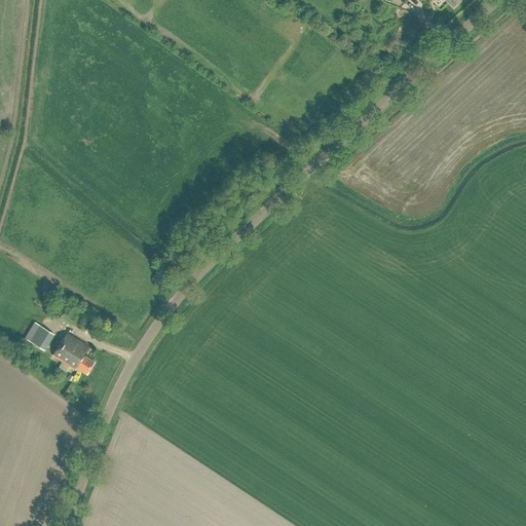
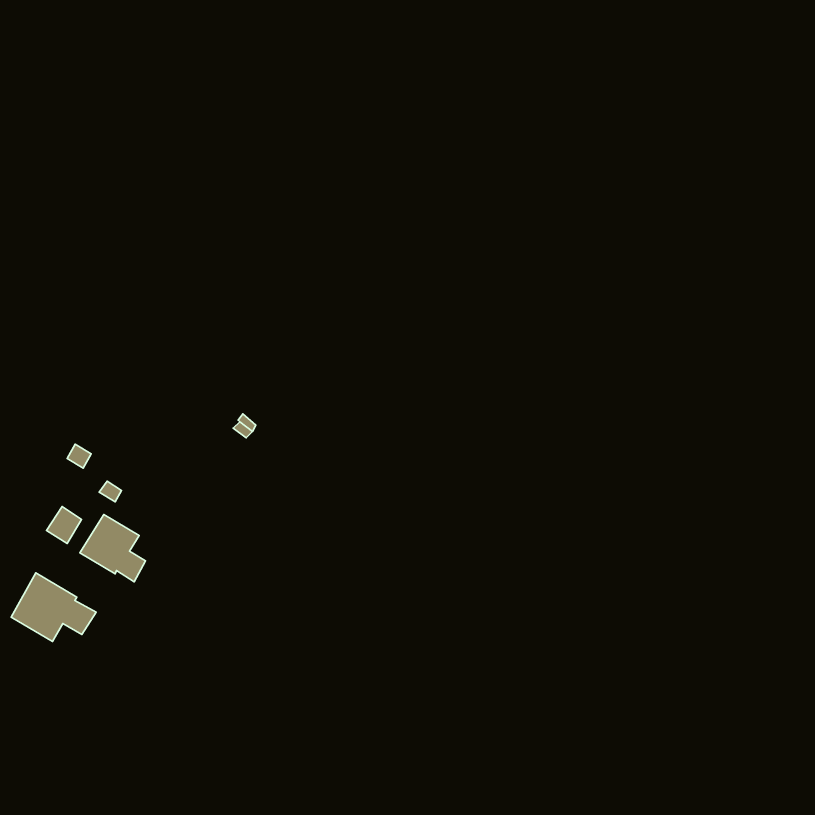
building: none -> [11,573,96,641]

